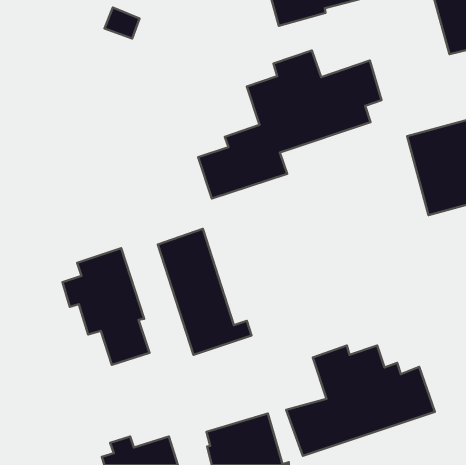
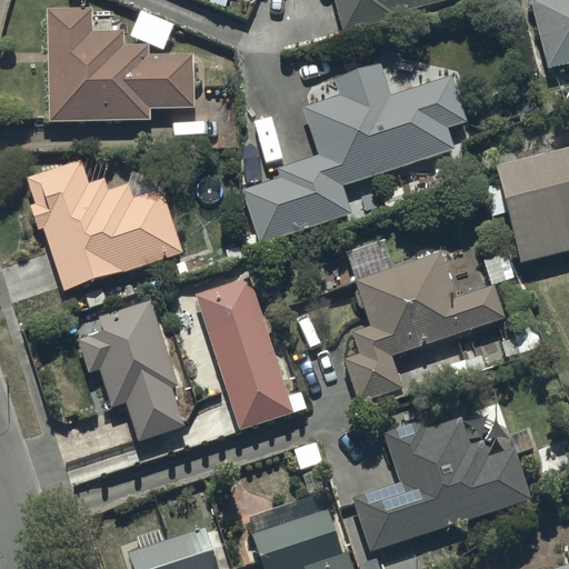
building: none -> [44,6,194,119]
building: none -> [26,160,183,291]
building: none -> [345,237,505,402]

